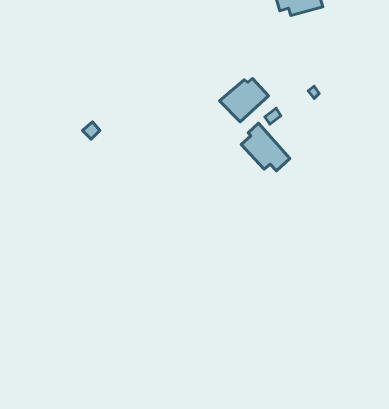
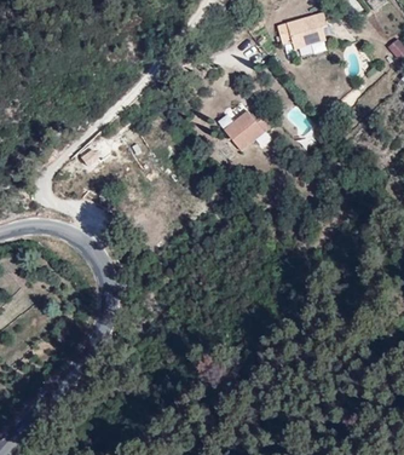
building: [241,123,290,171] -> none

